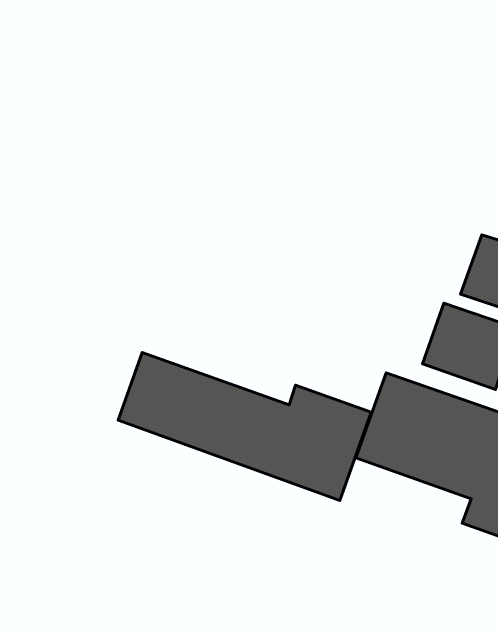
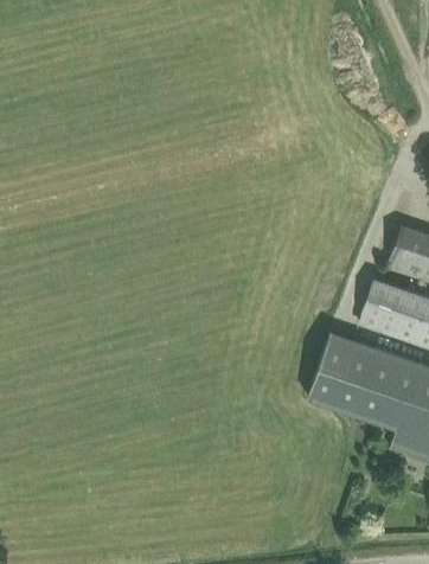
building: [118,352,371,500] -> none

